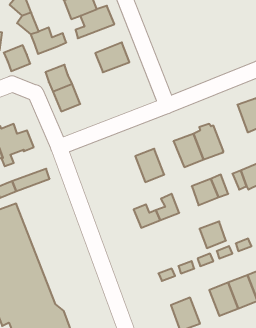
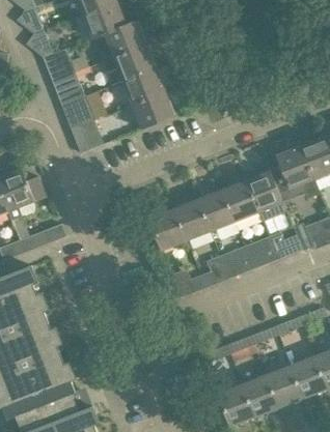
building: none -> [102,44,157,80]
building: [4,45,30,71] -> [52,71,85,104]
building: none -> [133,91,175,127]
building: none -> [271,144,320,202]
building: none -> [197,190,235,231]
building: none -> [149,208,186,250]
building: [199,221,226,248] -> [219,246,252,279]
building: none -> [242,375,278,416]

